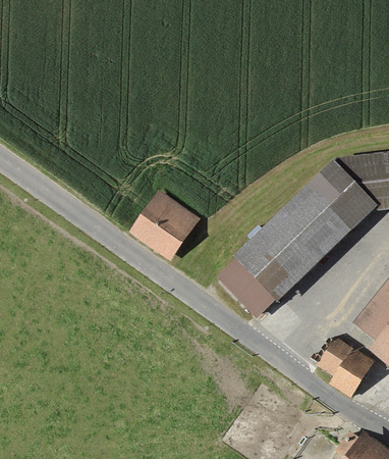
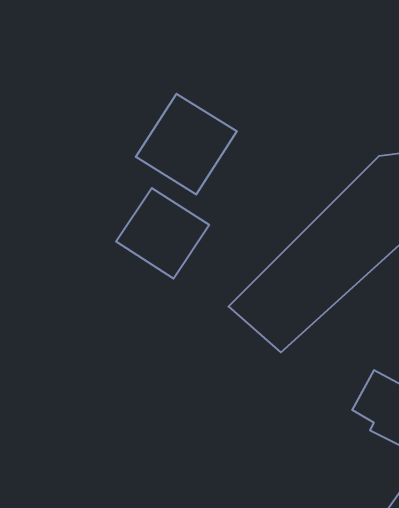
building: none -> [136,94,237,195]

